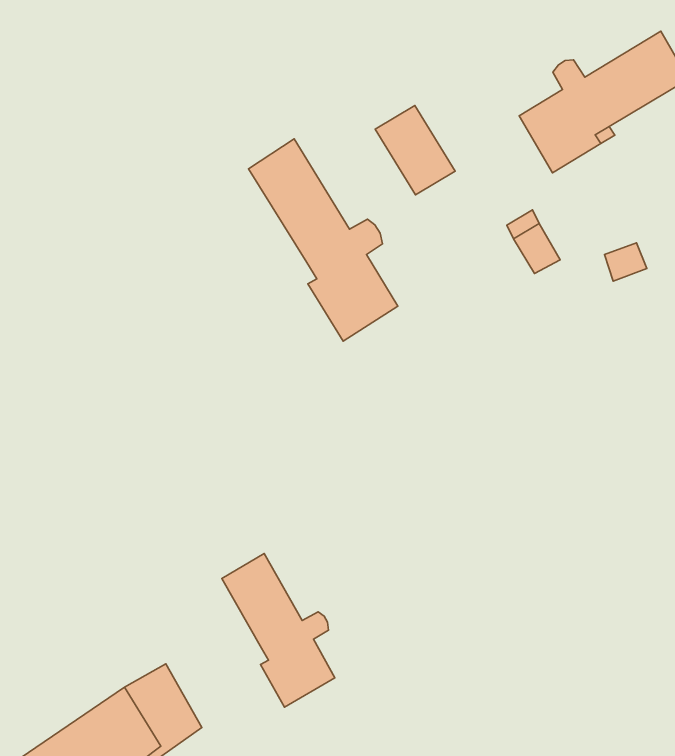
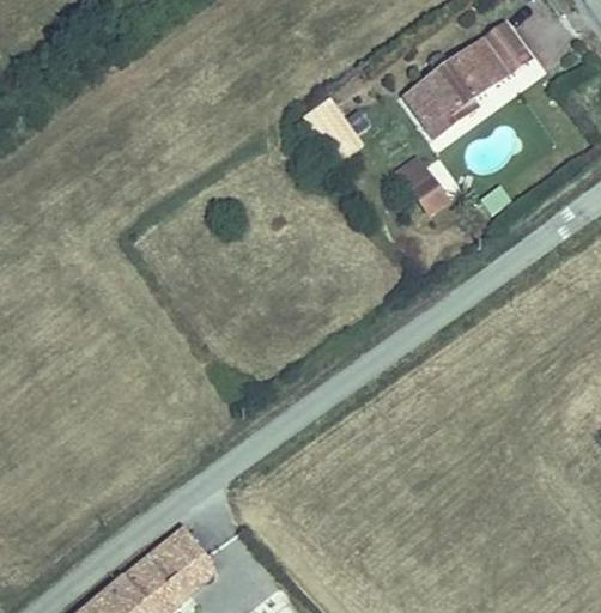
building: [248,139,398,341] -> none
building: [222,553,335,707] -> none

